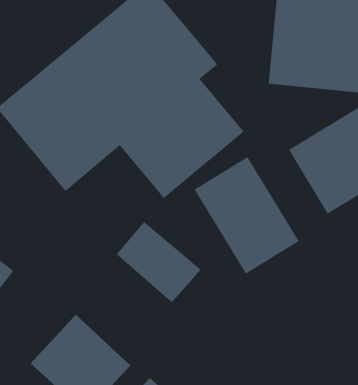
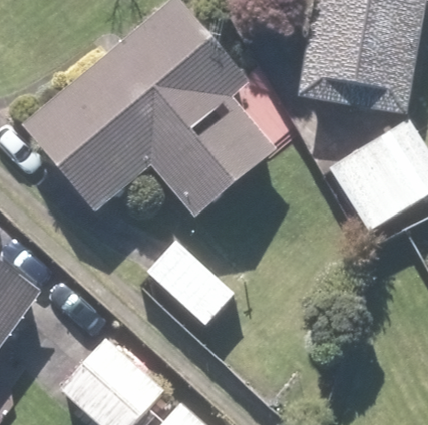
building: [194,156,299,274] -> none

